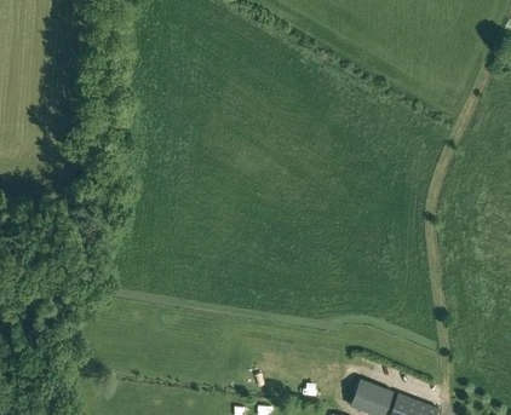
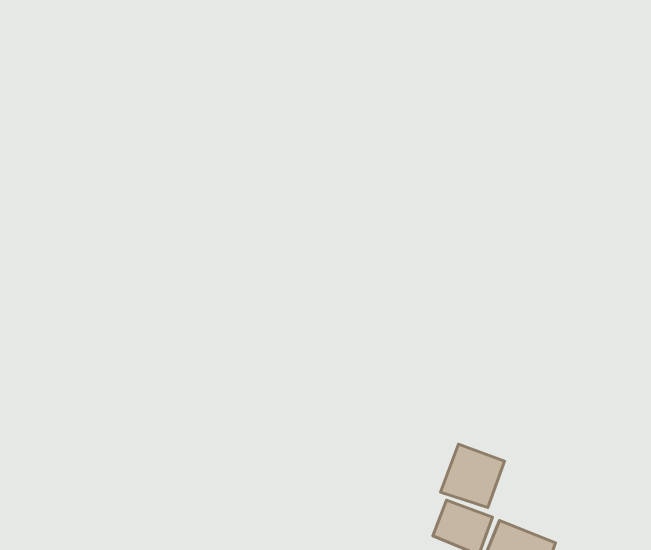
building: none -> [441,444,504,507]

